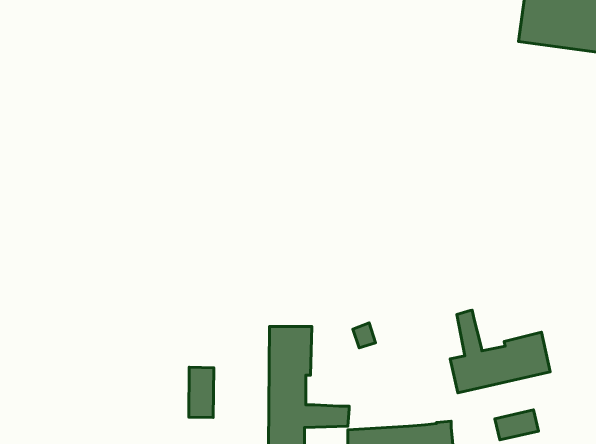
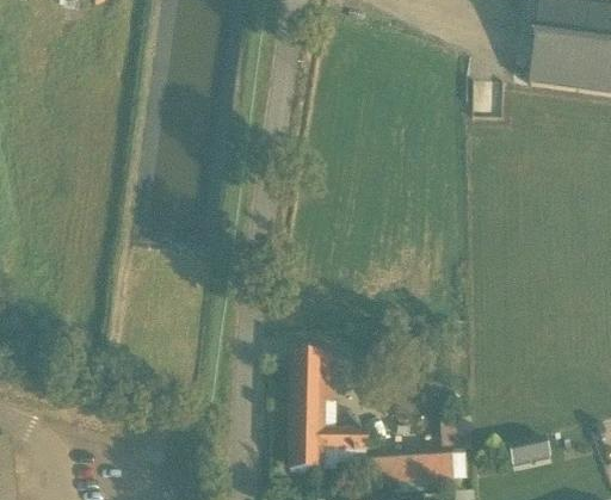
building: [450,310,550,393] -> none
building: [189,367,214,418] -> none

